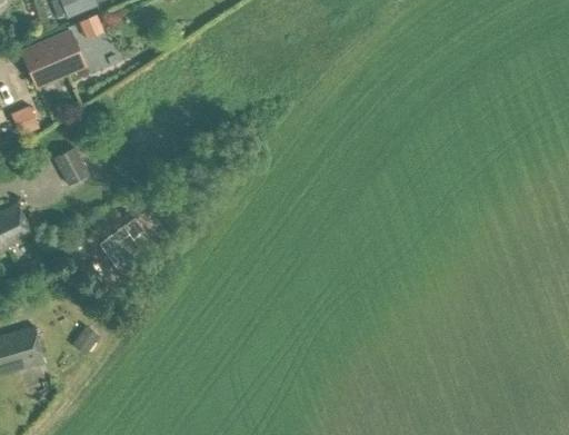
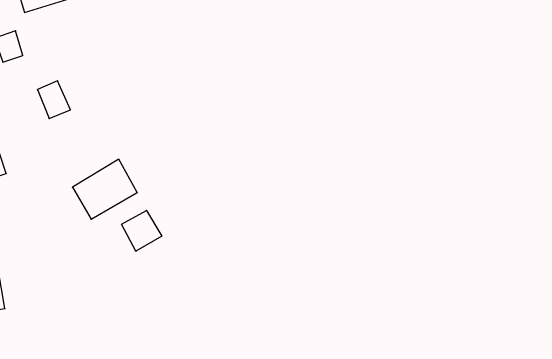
building: none -> [122,210,162,251]

